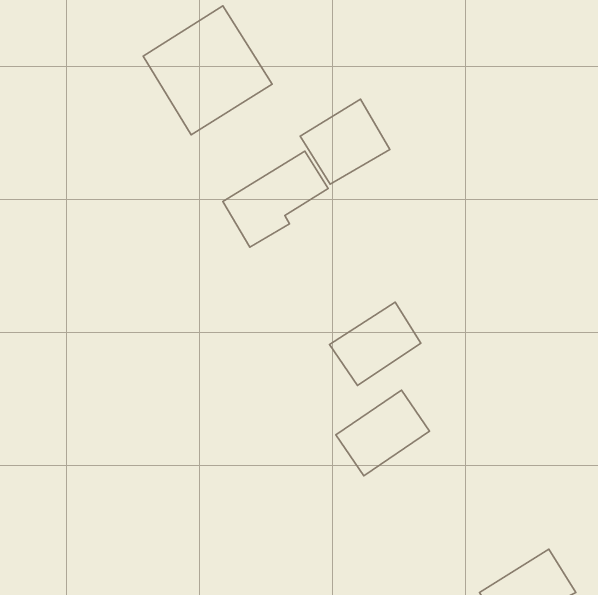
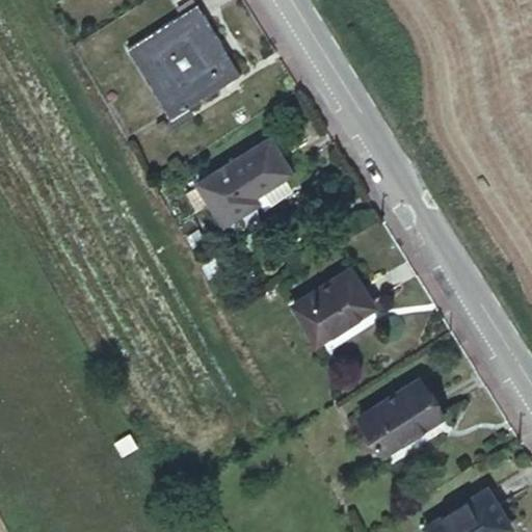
building: [300,99,390,184] -> none
building: [336,390,430,476] -> [360,380,443,456]

